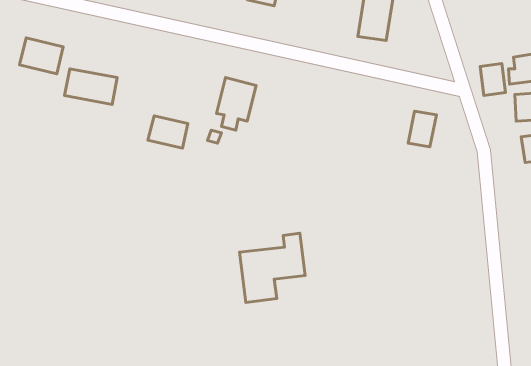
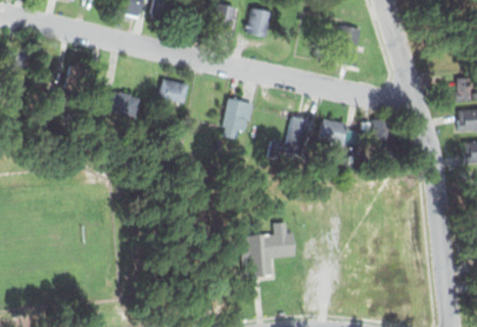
building: [480,64,505,96] -> none
building: none -> [266,114,311,160]
building: none -> [316,119,346,147]
building: [148,116,188,148] -> [156,78,188,103]

